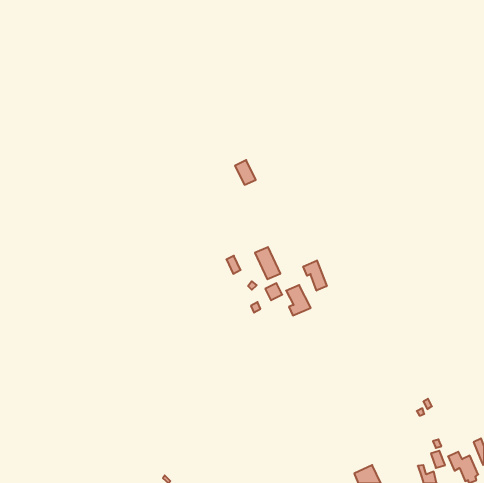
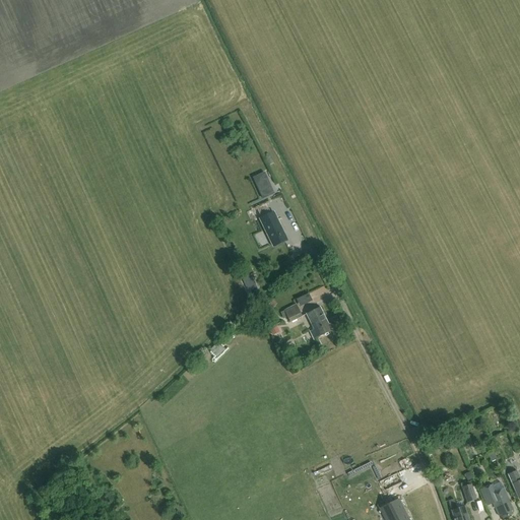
building: [255,247,280,279] -> [261,210,288,245]
building: [303,260,327,291] -> none

